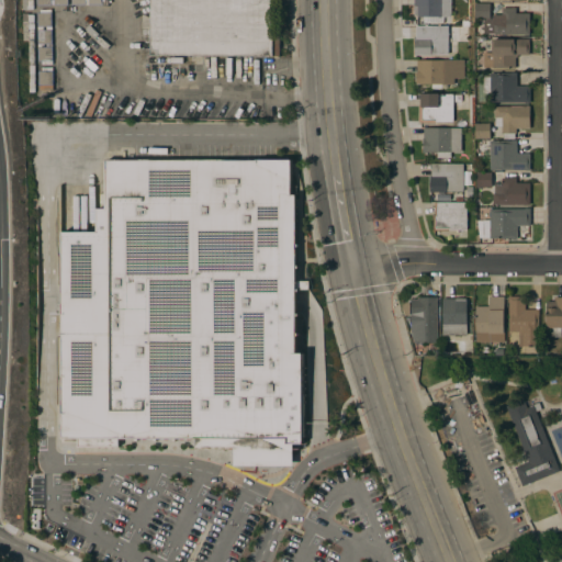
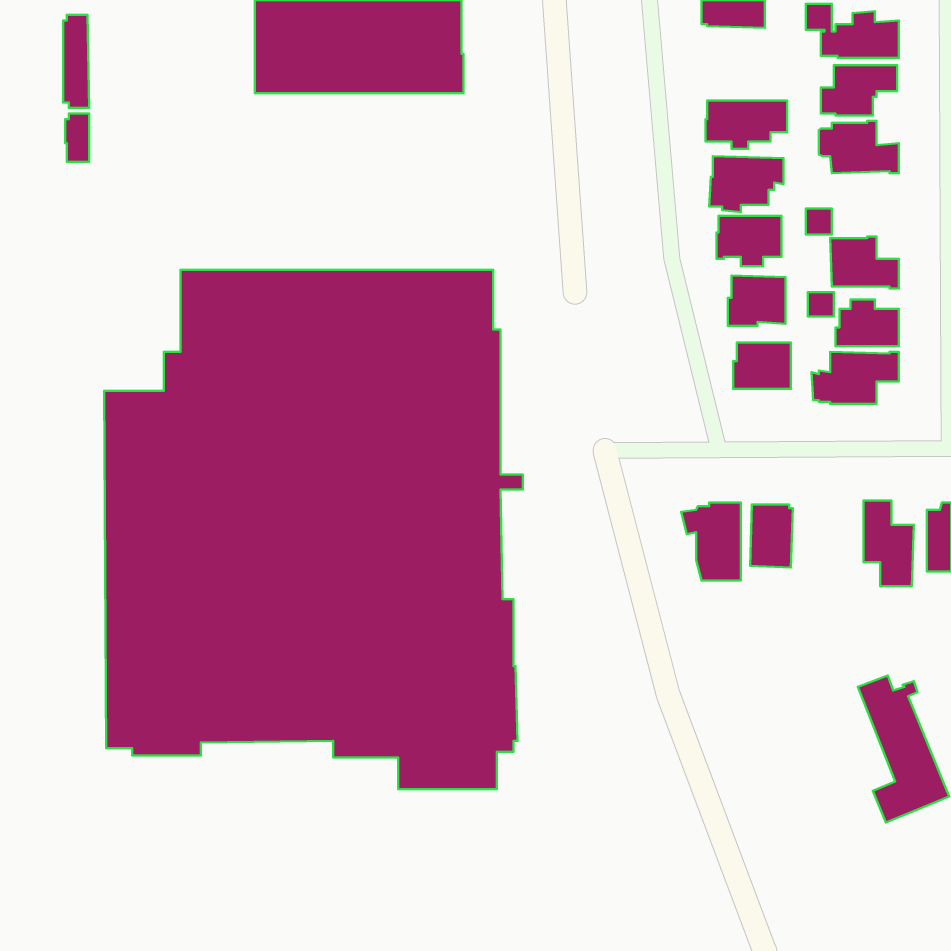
building: [415,25,459,54] -> none
building: [494,105,530,138] -> none
building: [475,295,505,341] -> none

